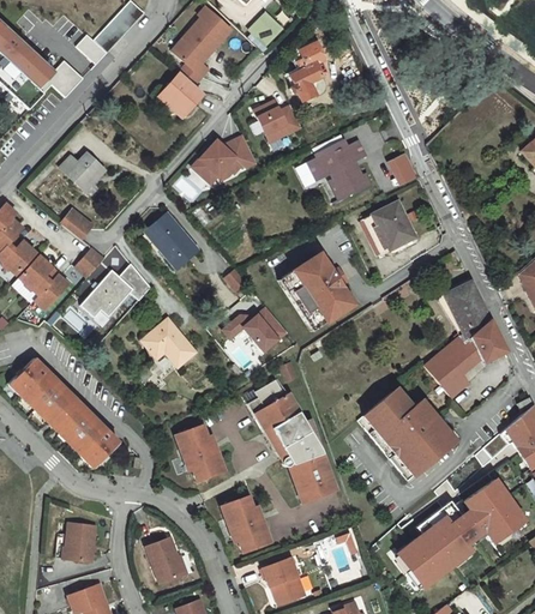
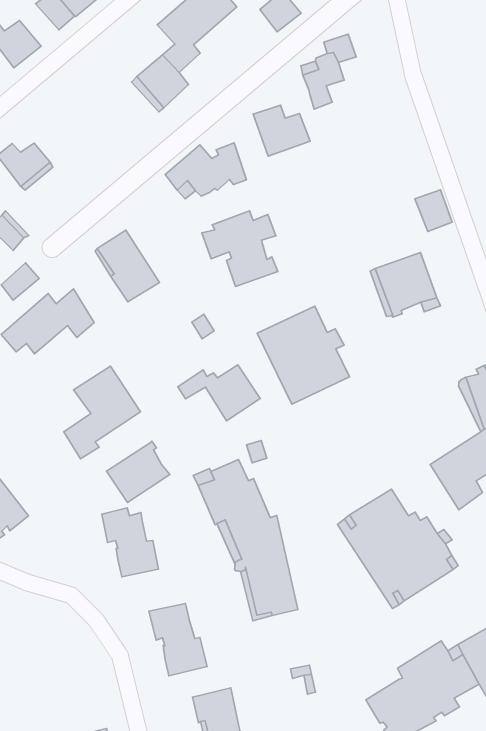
building: [308,139,371,199] -> [202,211,278,287]
building: none -> [106,441,170,503]
building: [145,536,184,583] -> none

